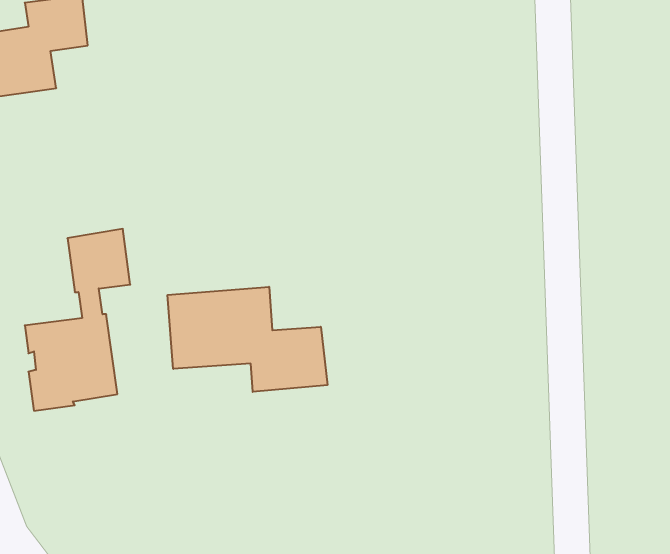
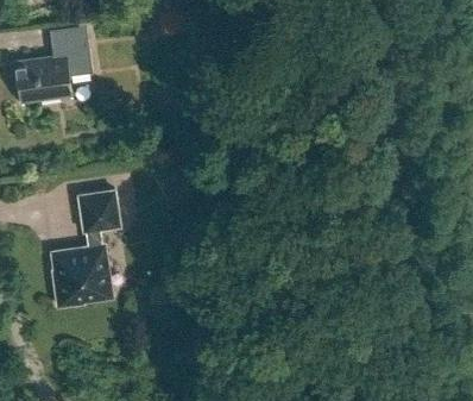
building: [168,287,327,392] -> none

